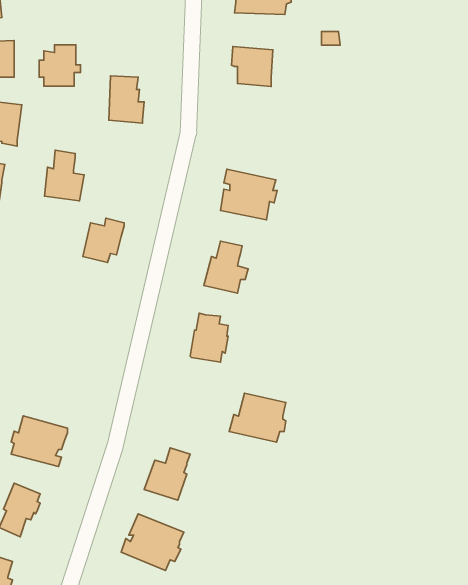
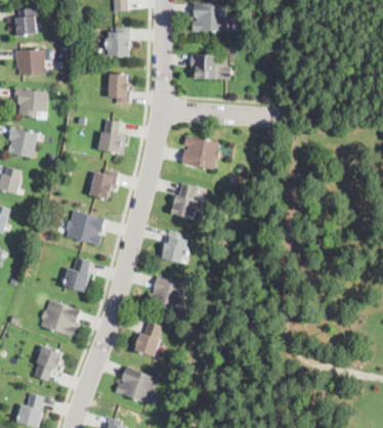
building: [39,45,80,86] -> [104,28,132,55]
building: [44,150,84,201] -> [99,120,126,154]
building: none -> [68,211,105,243]
building: none -> [62,258,90,291]
building: [229,393,286,442] -> [146,277,184,310]

